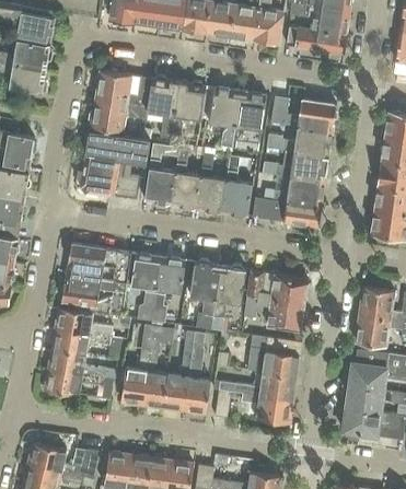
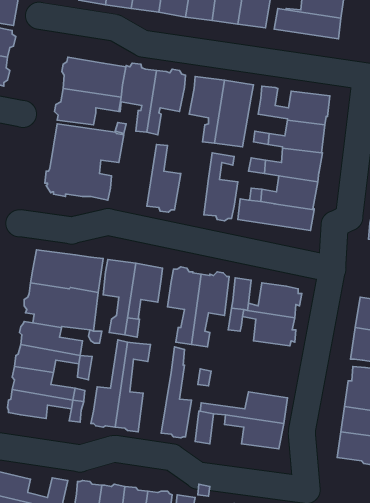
building: [143,141,178,207] -> none
building: [195,152,225,214] -> none
building: [162,330,195,410] -> none
building: [246,335,301,377] -> none

